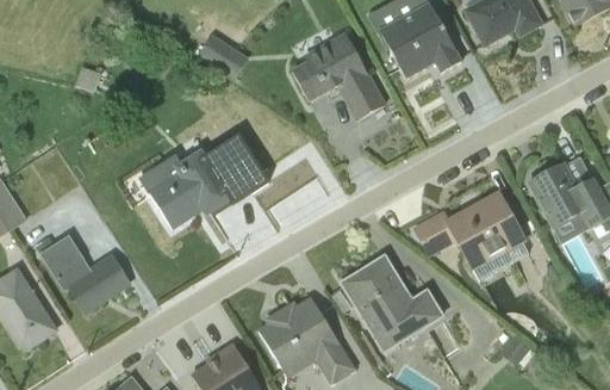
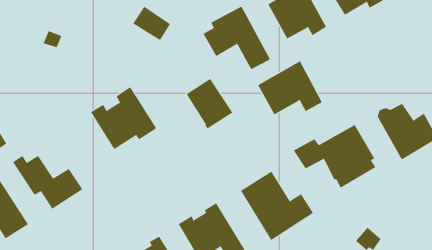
building: none -> [258,61,322,115]
building: [204,135,268,204] -> [186,78,233,129]

